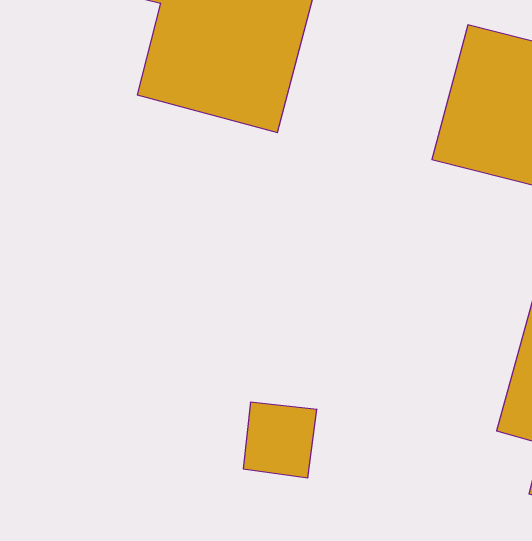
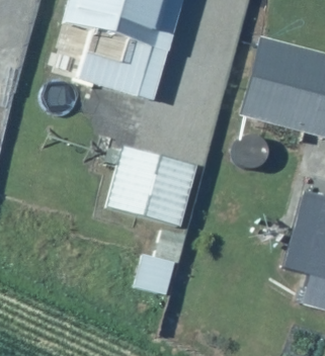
building: none -> [111,147,197,221]

